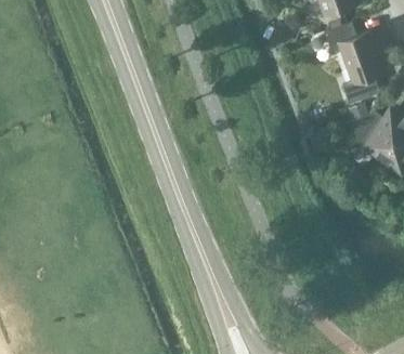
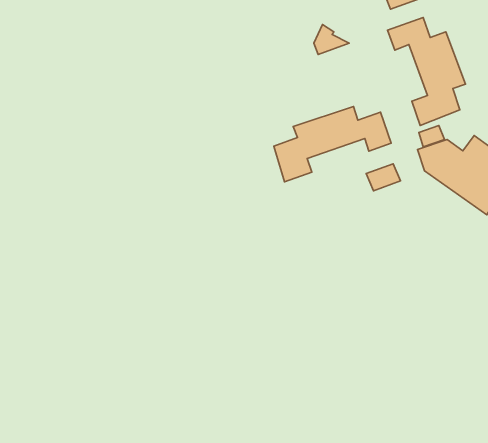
building: none -> [274,106,391,182]

